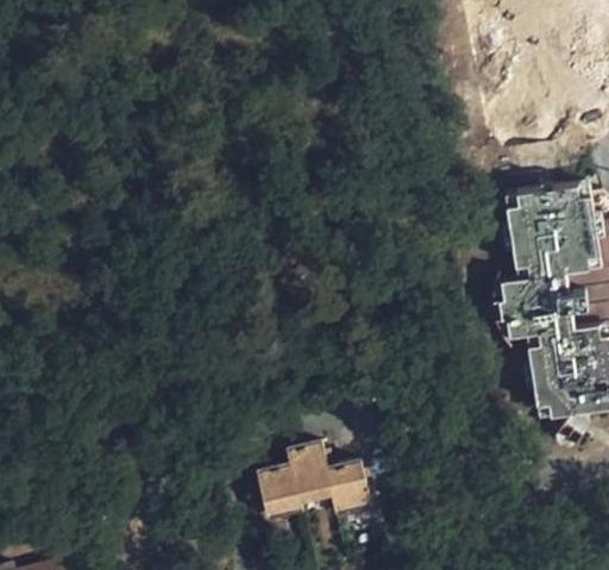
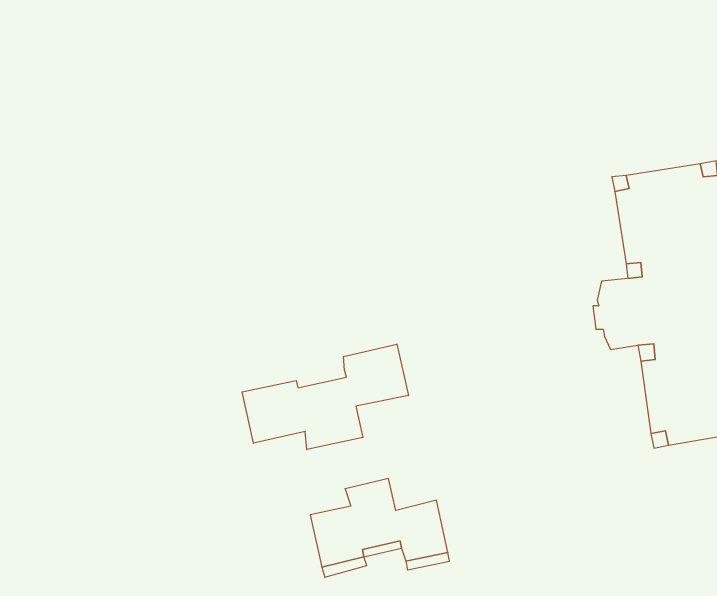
building: none -> [242,344,408,450]

